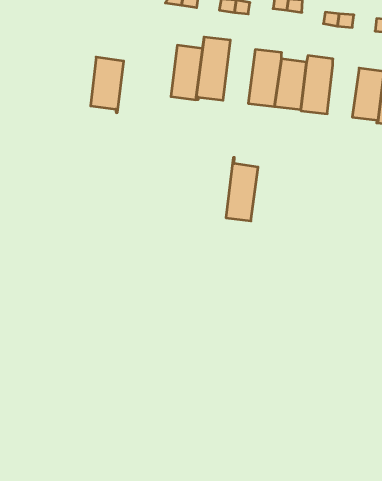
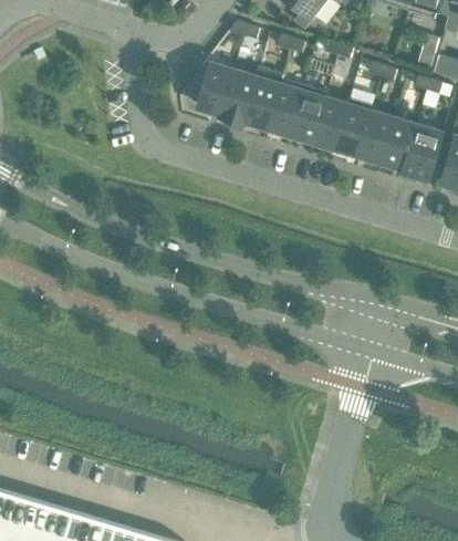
building: [91,57,124,113] -> [196,62,232,115]
building: none -> [357,111,393,160]
building: [226,157,258,221] -> [266,73,302,133]

